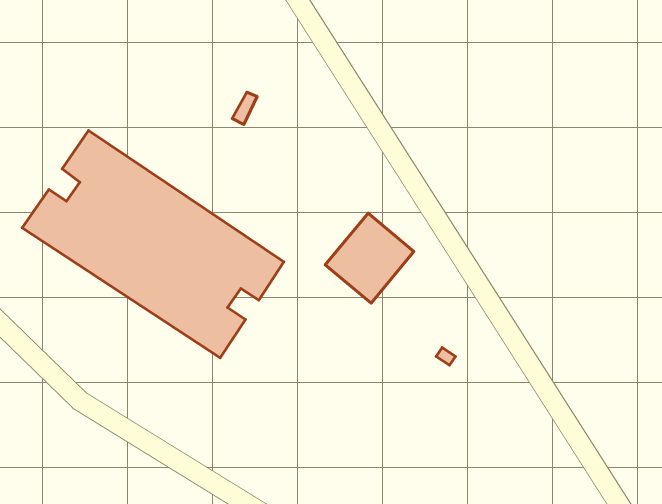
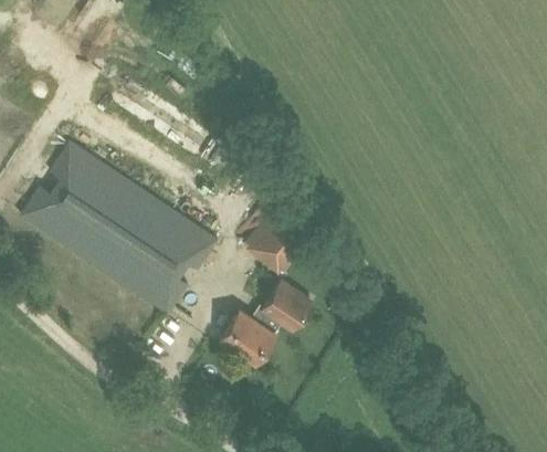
building: none -> [219,280,313,362]

